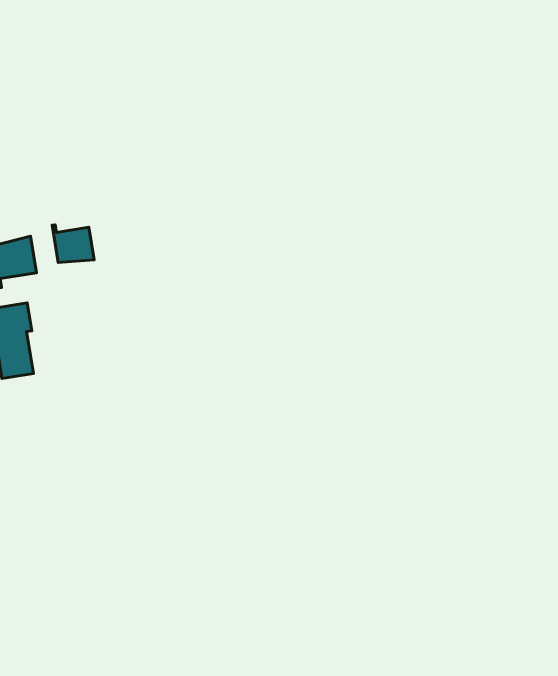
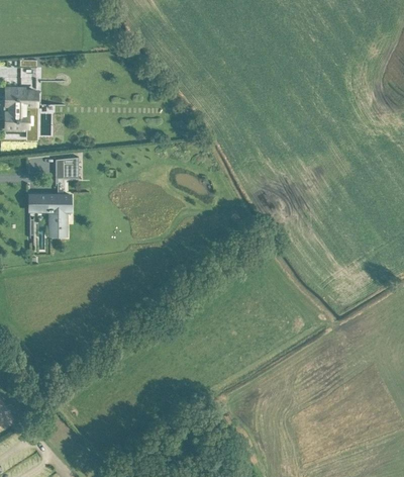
building: [52,225,94,262] -> none

